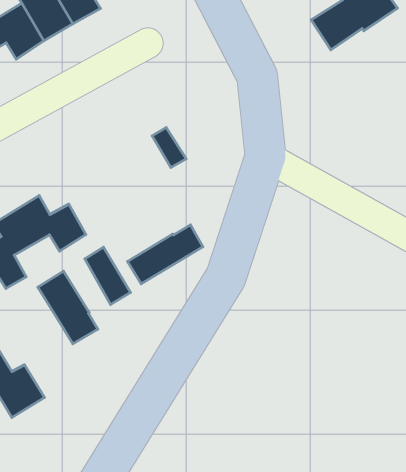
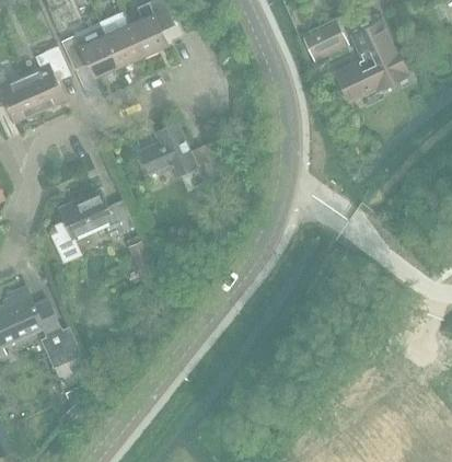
building: none -> [138,125,193,174]
building: [128,225,203,284] -> none
building: [38,271,98,344] -> none

